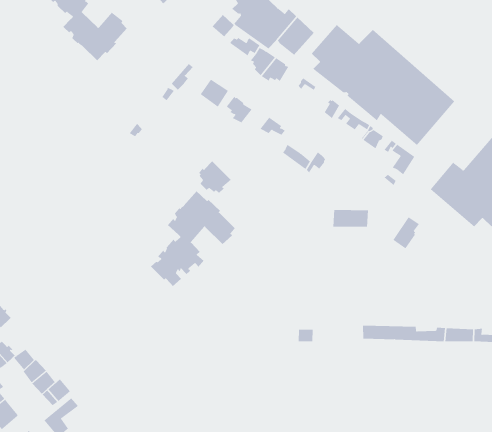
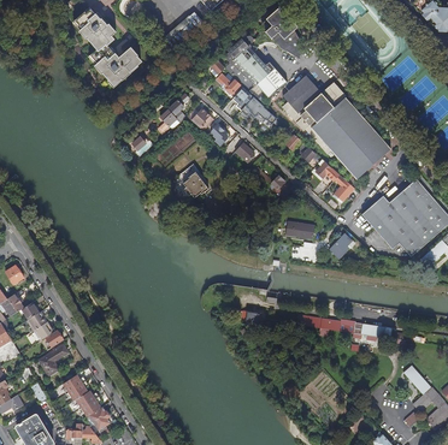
building: [150,190,235,287] -> none

